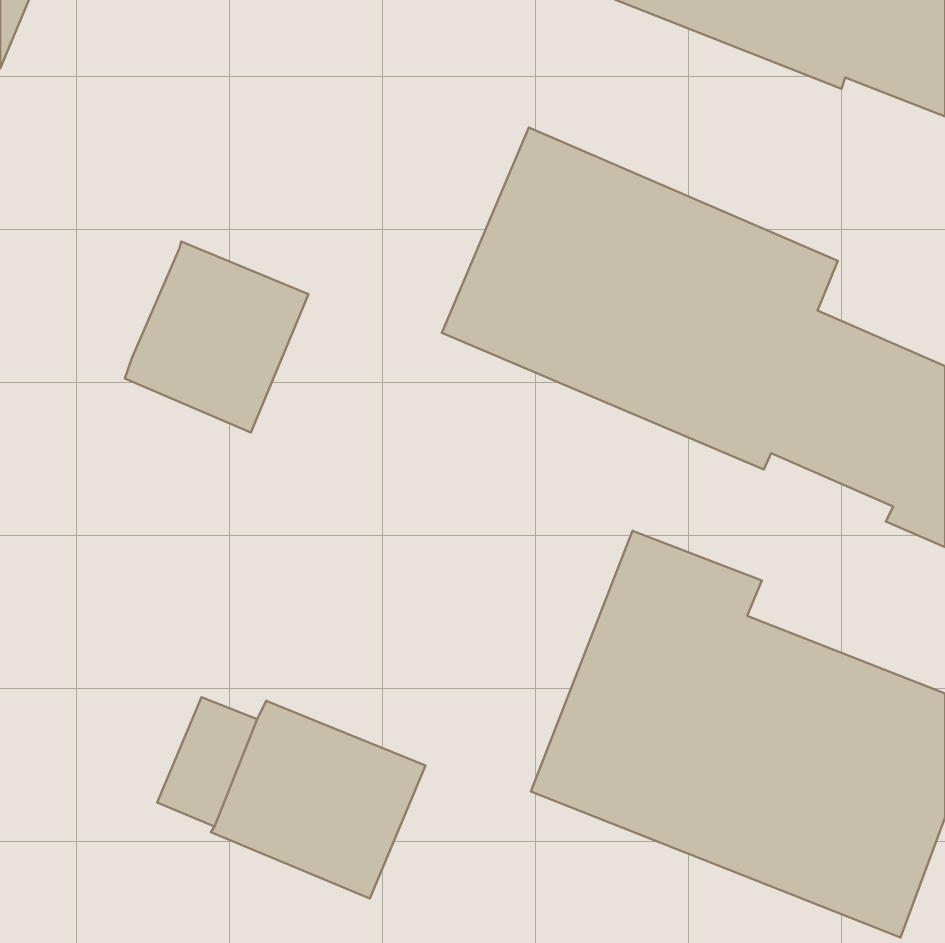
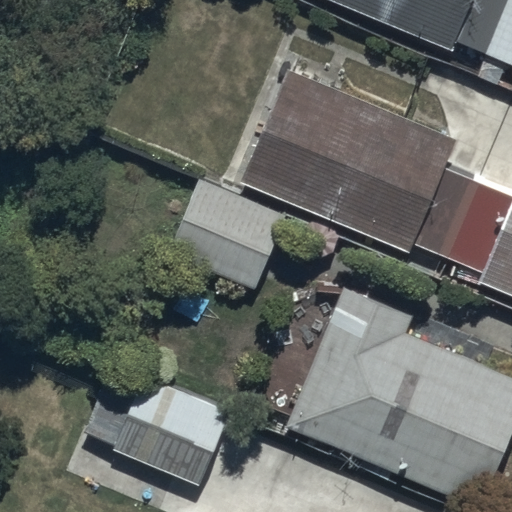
building: [125,242,308,432] -> none
building: none -> [166,179,286,288]

